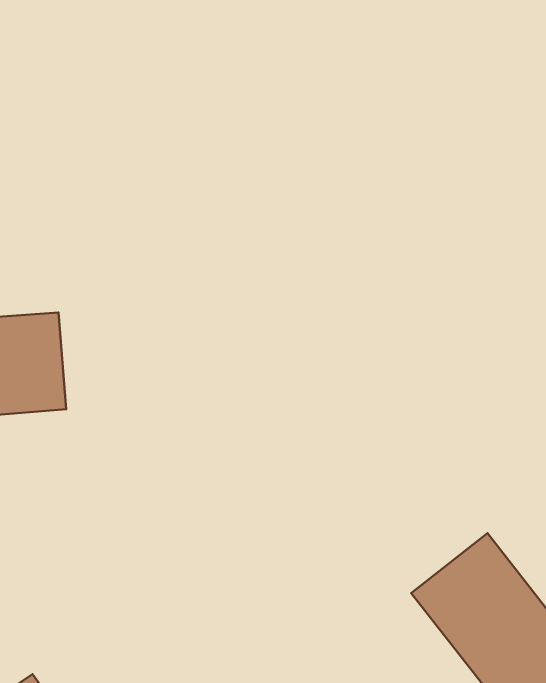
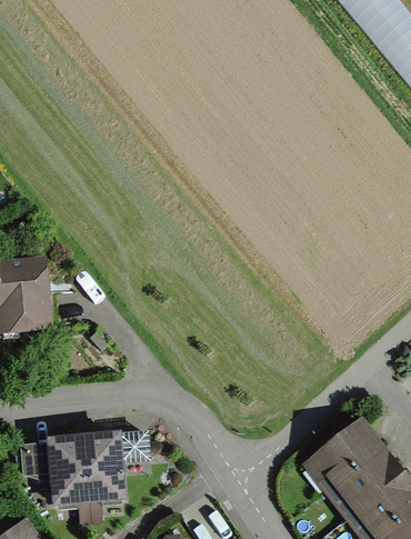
building: none -> [21,437,124,509]

